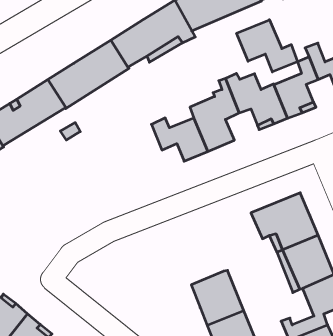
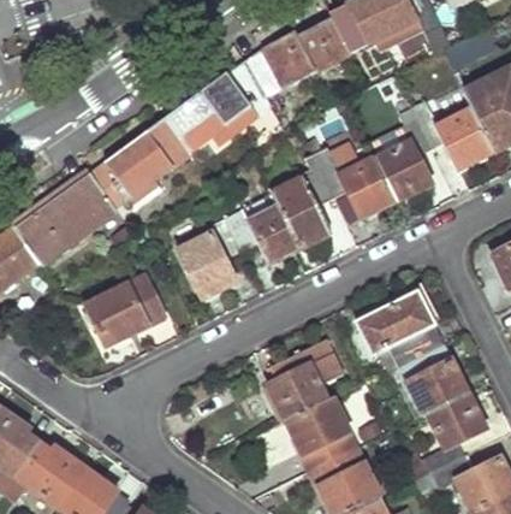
building: [237,20,297,72] -> none
building: none -> [178,219,240,296]
building: none -> [87,276,166,344]
building: none -> [272,336,346,418]

